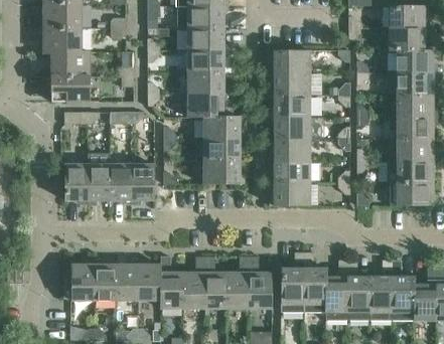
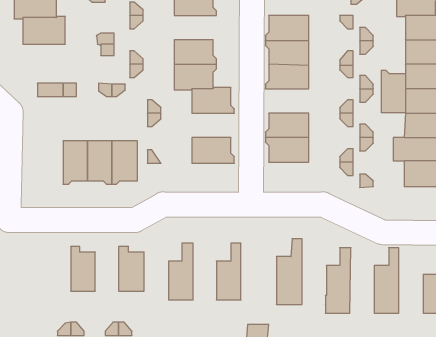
building: [187,50,226,72] -> none
building: [50,76,89,102] -> none
building: none -> [381,70,405,113]
building: [270,117,309,139] -> none
building: [203,139,242,161] -> none
building: [63,164,87,203] -> none
building: [268,183,309,206] -> none
building: [303,252,326,312] -> none
building: [159,256,182,308] -> none
building: [204,256,226,308] -> none
building: [248,256,271,308] -> none
building: [62,260,94,300] -> none
building: [116,260,137,300] -> none
building: [346,261,368,320] -> none
building: [391,261,414,320] -> none

